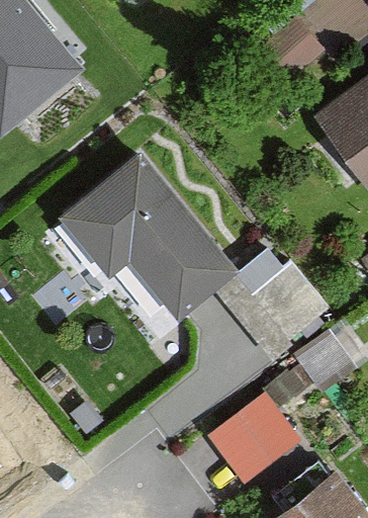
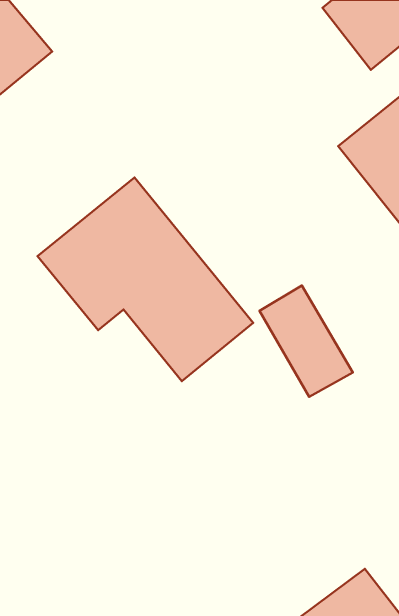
building: [209,403,296,489] -> none

